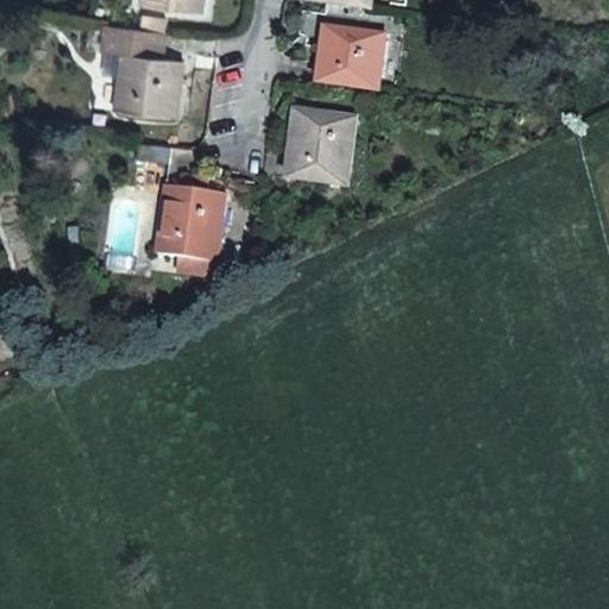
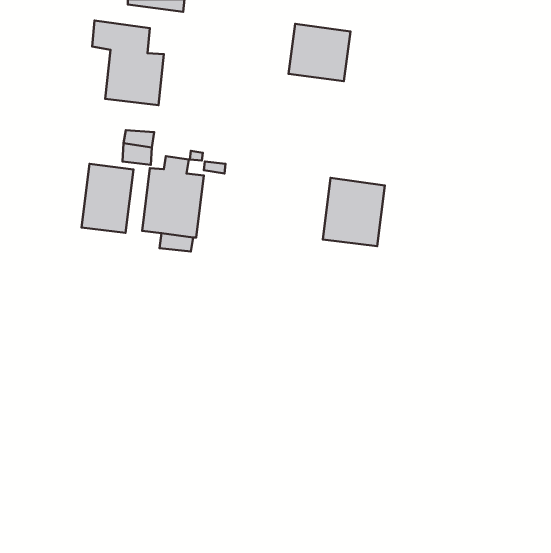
building: [285,108,353,183] -> [323,178,385,246]
building: none -> [81,164,134,233]

